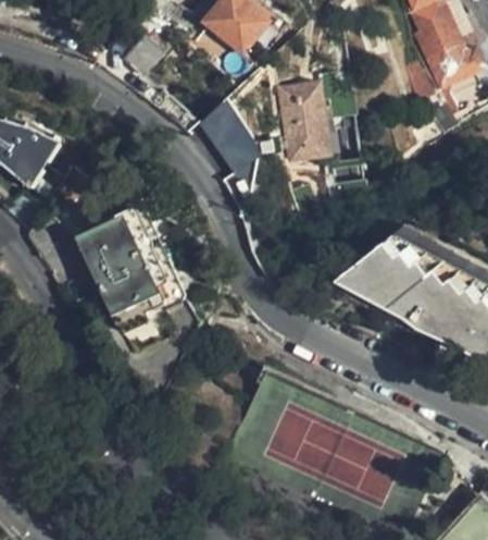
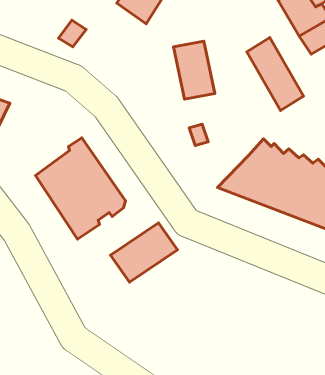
building: none -> [247,37,304,111]
building: [195,107,261,180] -> none
building: none -> [110,223,178,282]

